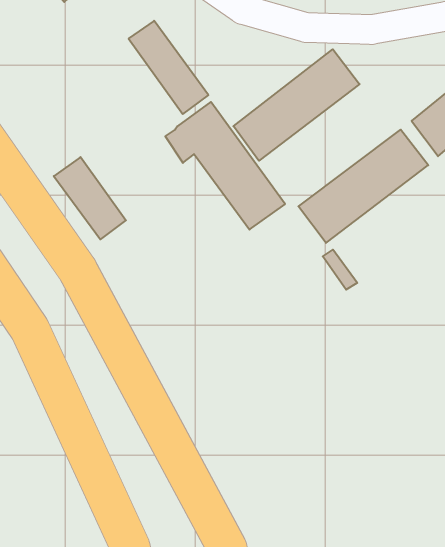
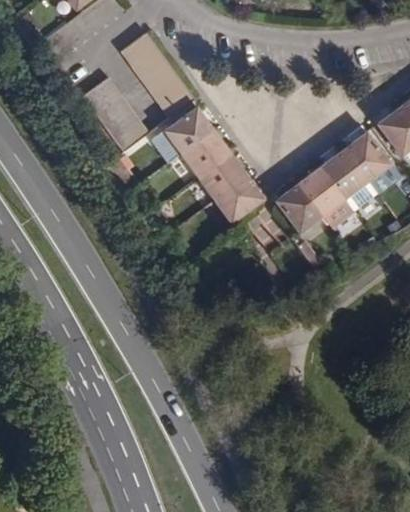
building: [233,49,360,161] -> none
building: [54,157,126,239] -> [82,79,147,153]

